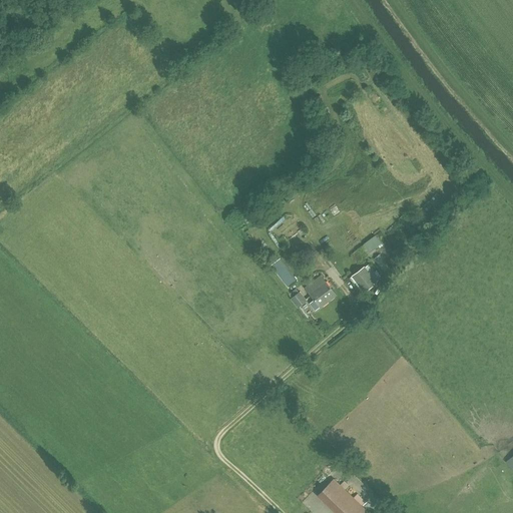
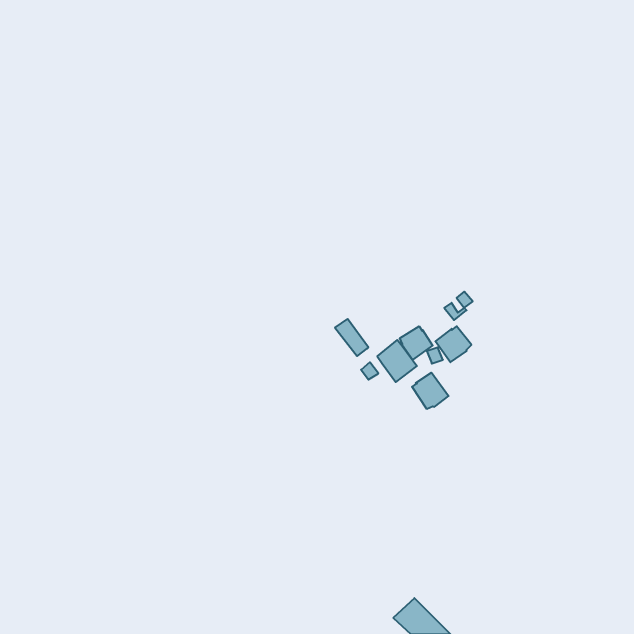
building: none -> [400,326,433,360]
building: none -> [412,373,449,409]

